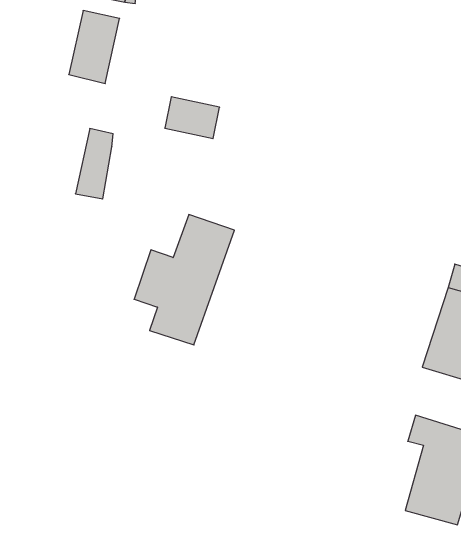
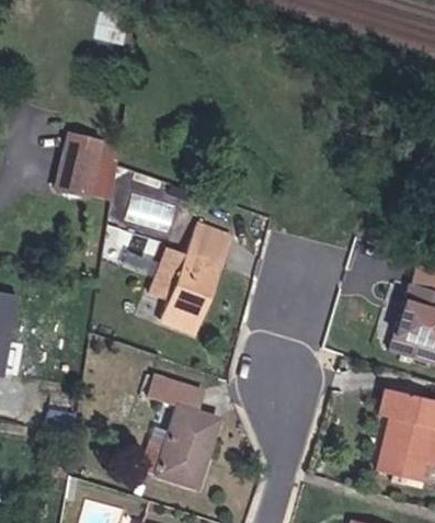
building: [69,11,120,84] -> [66,140,108,202]
building: [165,97,220,139] -> [124,189,170,224]
building: none -> [144,373,217,486]

